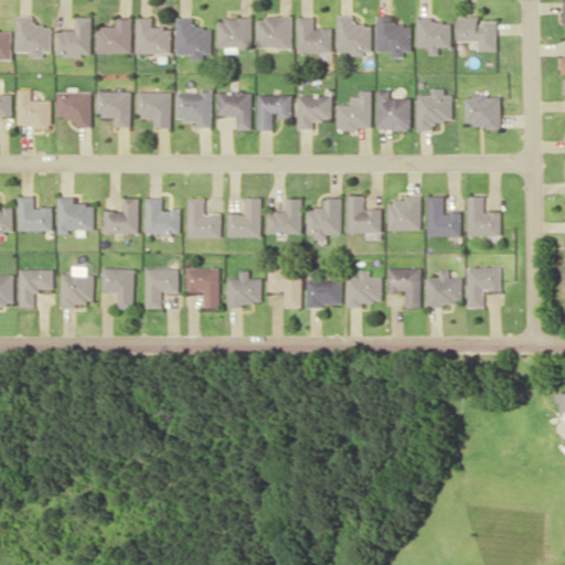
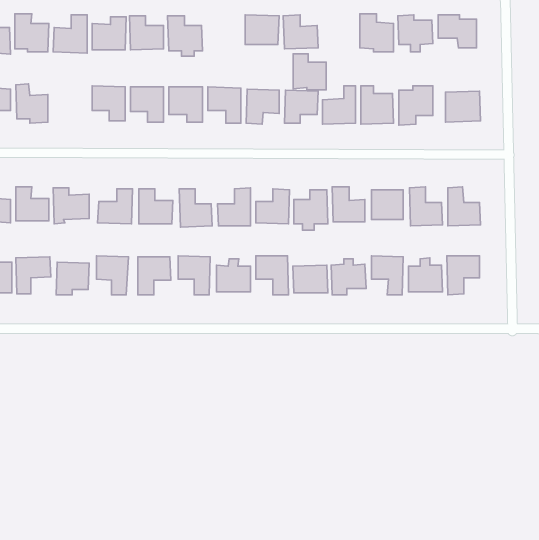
building: [335,17,370,54] -> [293,54,326,90]
building: [215,19,250,51] -> none
building: [55,93,92,128] -> none

